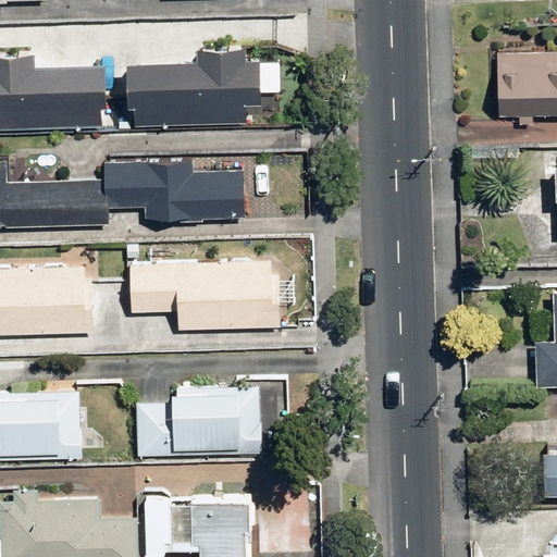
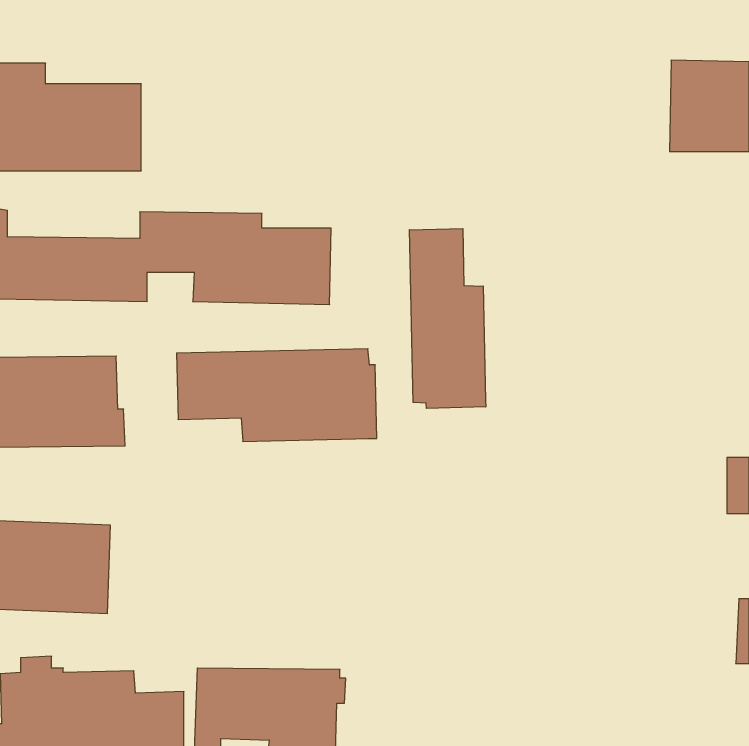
building: [131,47,261,125] -> none
building: none -> [409,229,486,408]
building: [137,385,261,456] -> none

